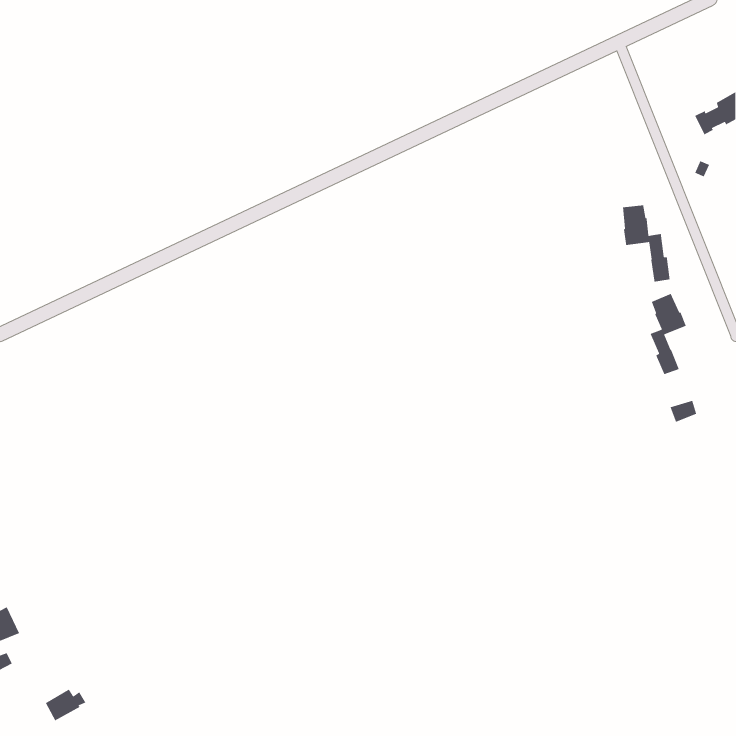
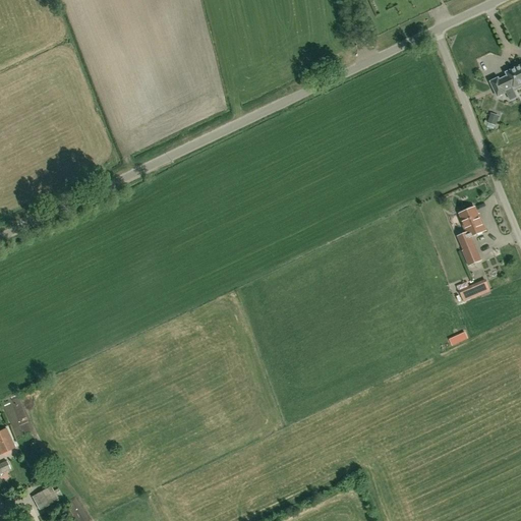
building: [622,204,671,283] -> none

